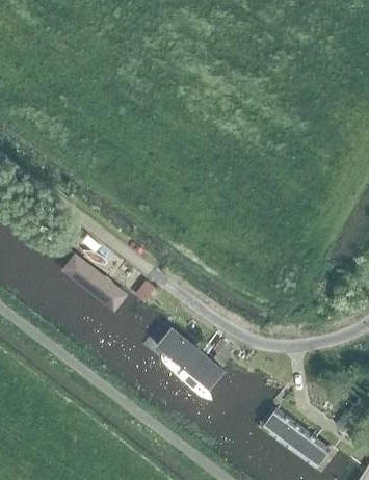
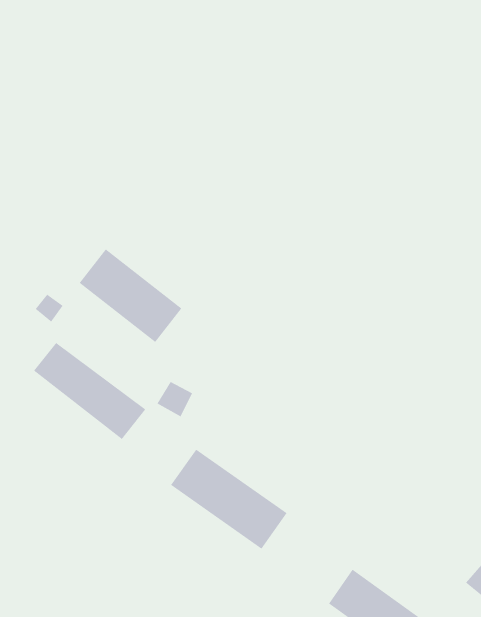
building: none -> [79,248,182,343]

